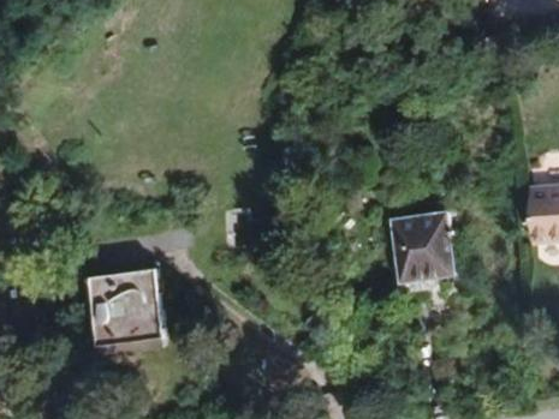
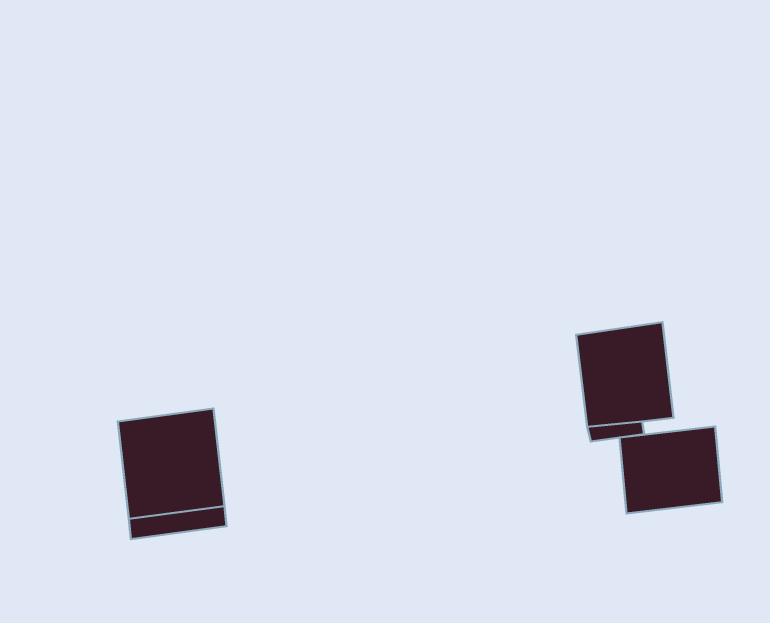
building: none -> [620,426,722,513]

